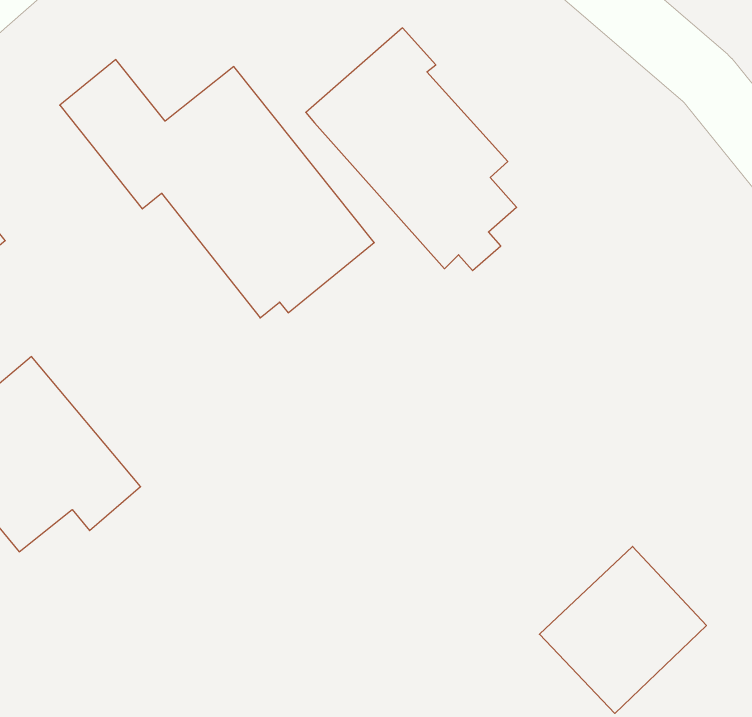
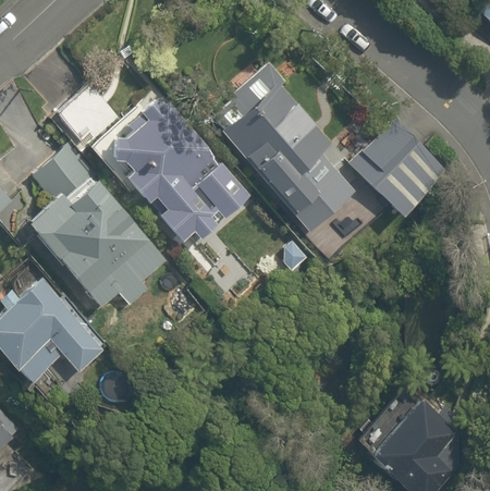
building: none -> [347,113,452,219]
building: none -> [35,147,167,312]

